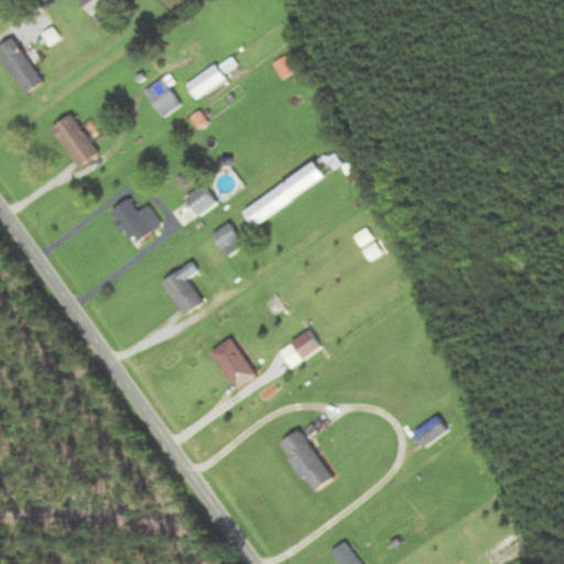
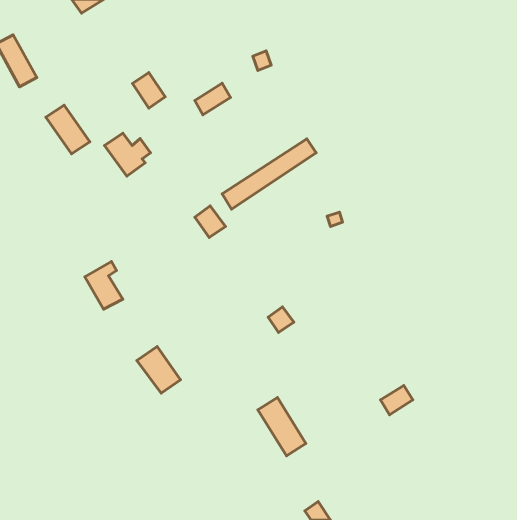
building: [185,64,224,98] -> [195,83,230,115]
building: [184,185,214,216] -> none
building: [108,198,158,245] -> [104,133,150,176]
building: [161,263,202,315] -> [85,261,123,309]
building: [209,337,257,388] -> [137,346,181,393]

